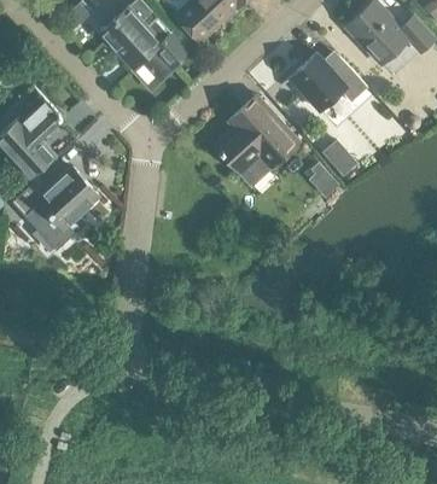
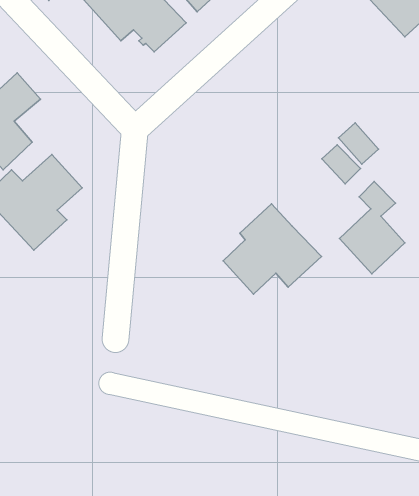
building: [290,53,367,111] -> none
building: [214,95,299,174] -> [223,204,321,294]
building: none -> [340,181,405,274]

